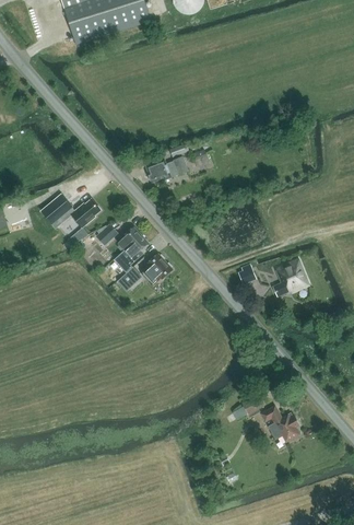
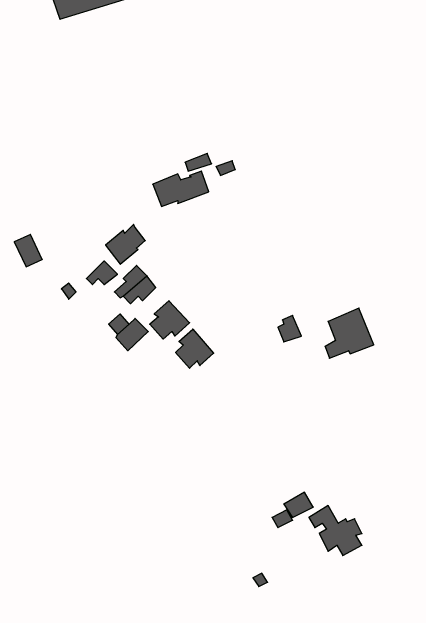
building: [70,197,99,226] -> [106,224,145,264]
building: none -> [176,329,214,368]

